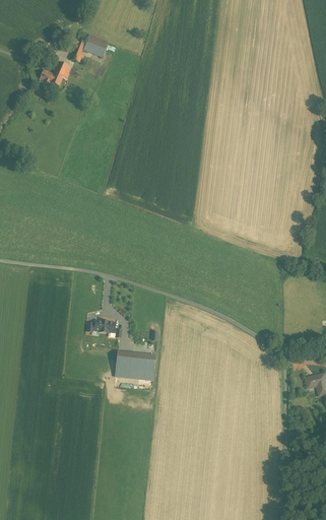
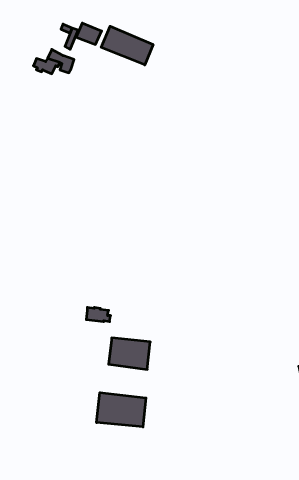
building: none -> [101,26,153,65]
building: none -> [97,393,146,427]

